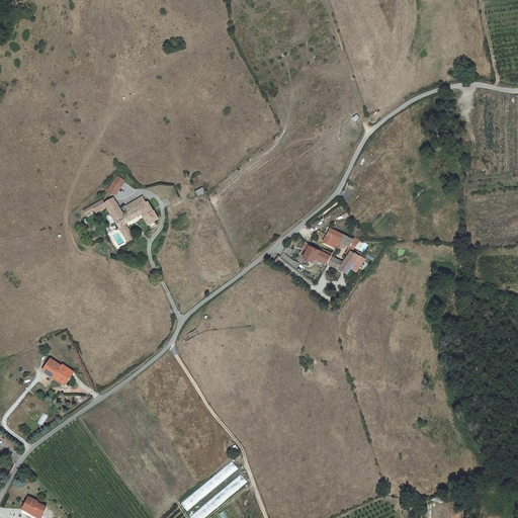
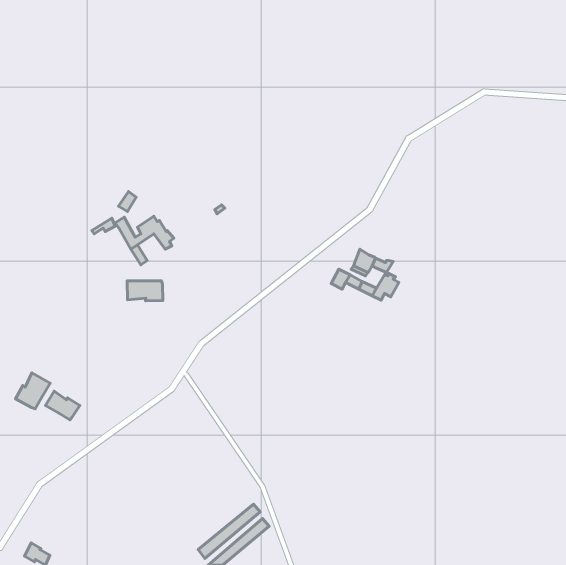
building: none -> [127,281,163,301]
building: none -> [16,373,50,409]

